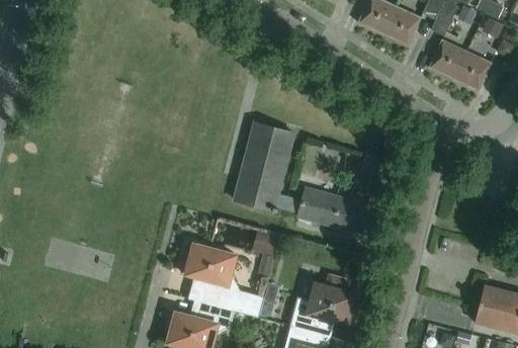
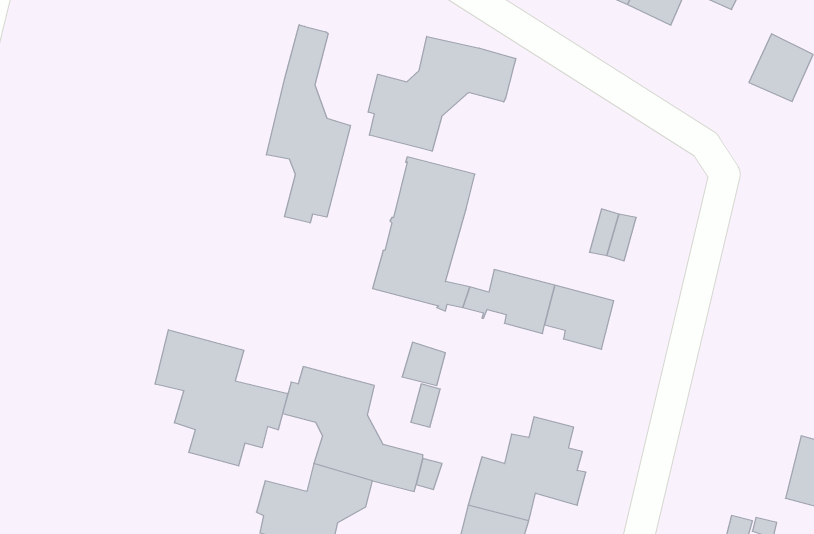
building: [428,39,466,79] -> none
building: none -> [266,25,350,223]
building: none -> [368,36,516,151]
building: none -> [155,330,288,466]

